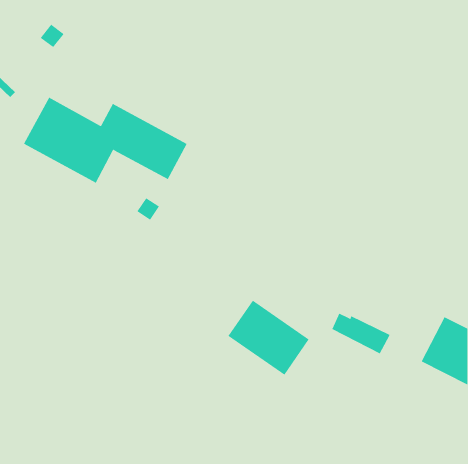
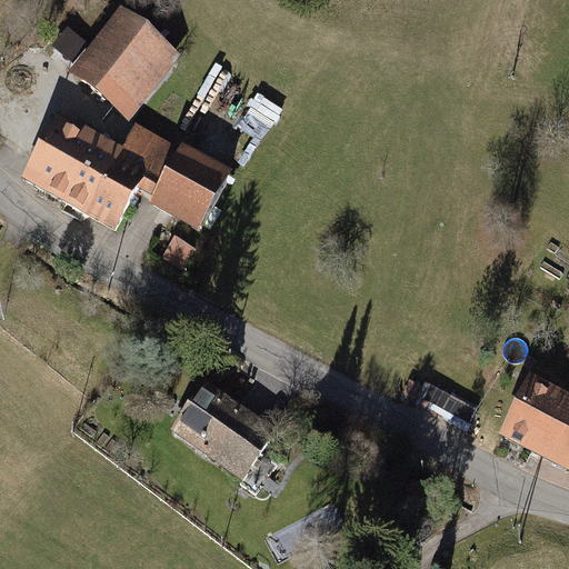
building: none -> [71,9,177,116]
building: [228,300,310,376] -> [174,385,273,476]

